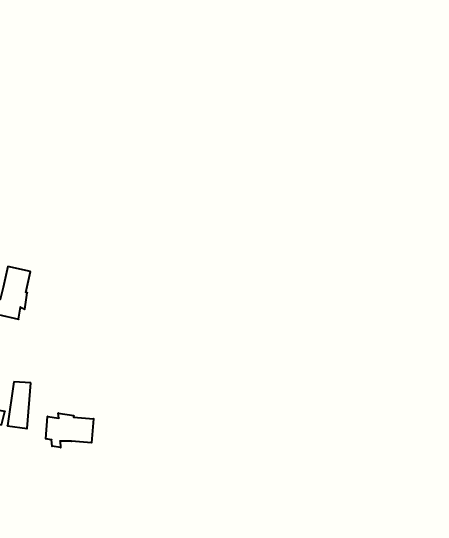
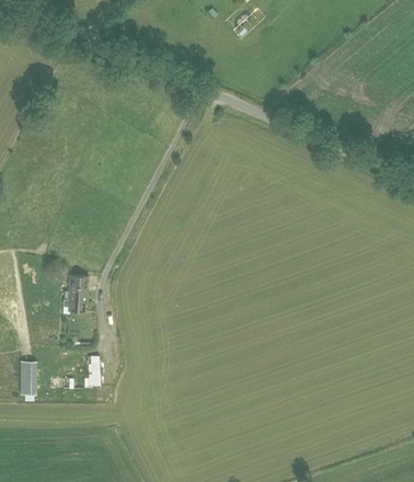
building: [46,413,94,448] -> none

